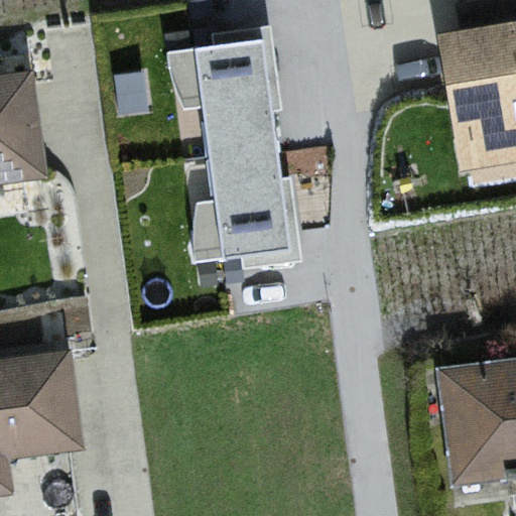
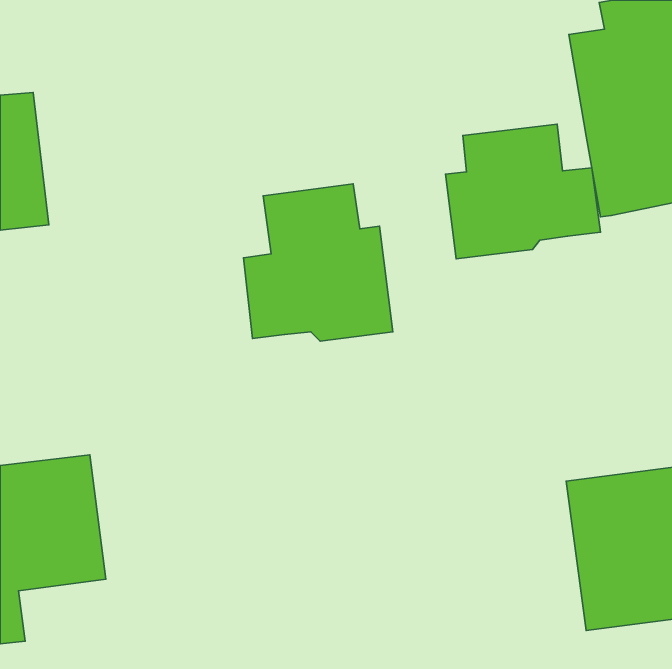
building: [169,30,283,154] -> none
building: none -> [446,124,601,259]

